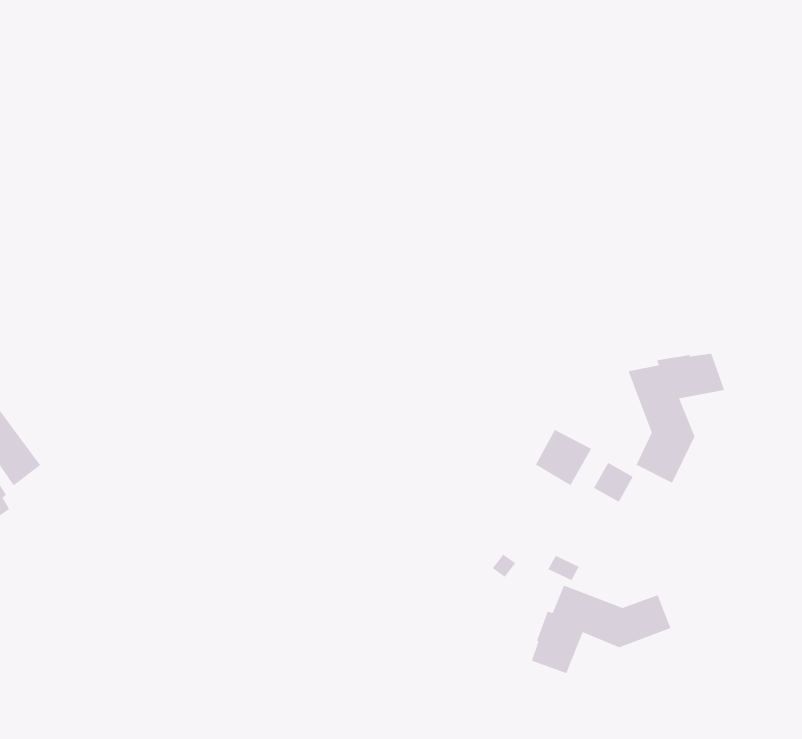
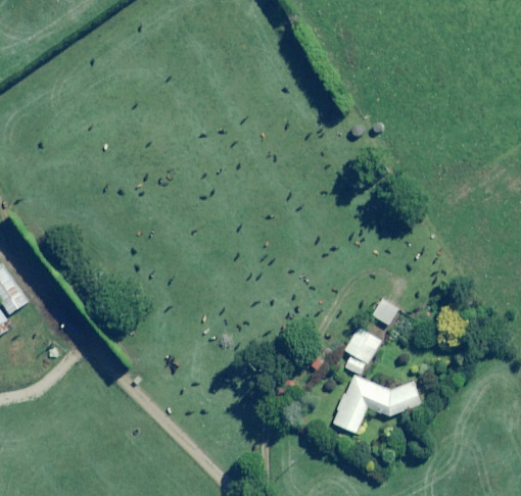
building: [627,353,725,484] -> none
building: [535,429,592,486] -> [345,328,381,363]

